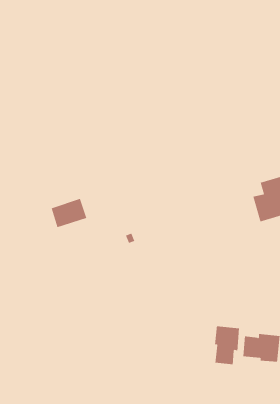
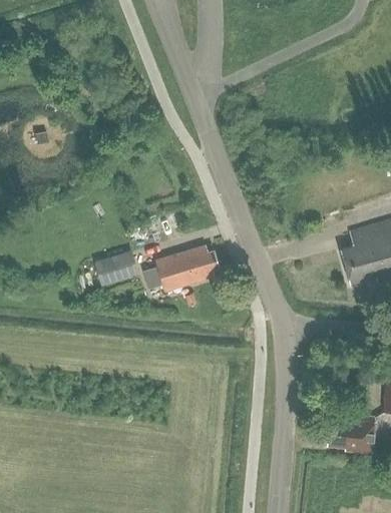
building: none -> [154,244,218,291]
building: [215,326,240,365] -> none

